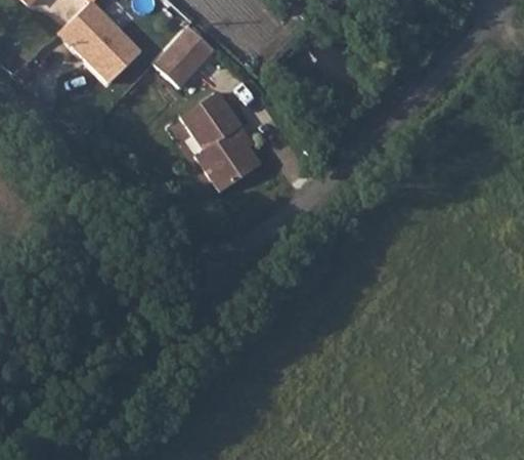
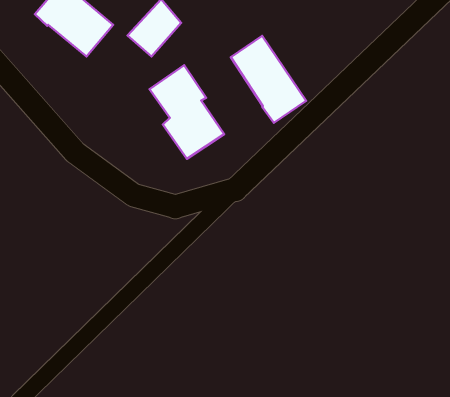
building: none -> [231,36,306,123]

